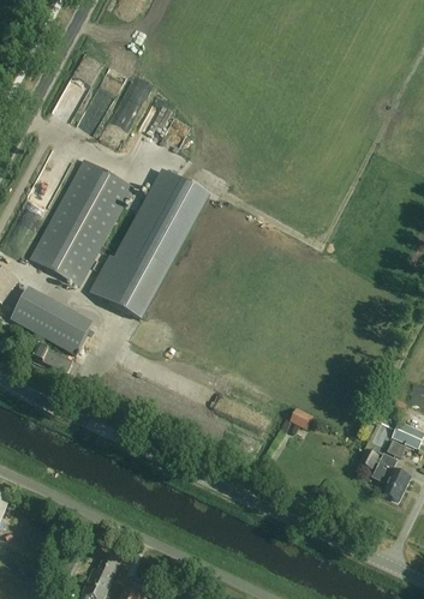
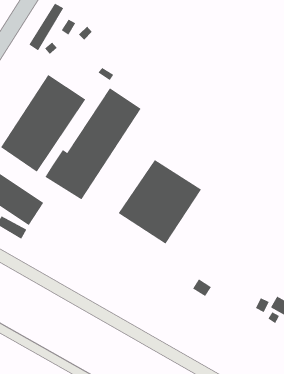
building: none -> [118,159,202,245]
building: [356,447,407,498] -> none

